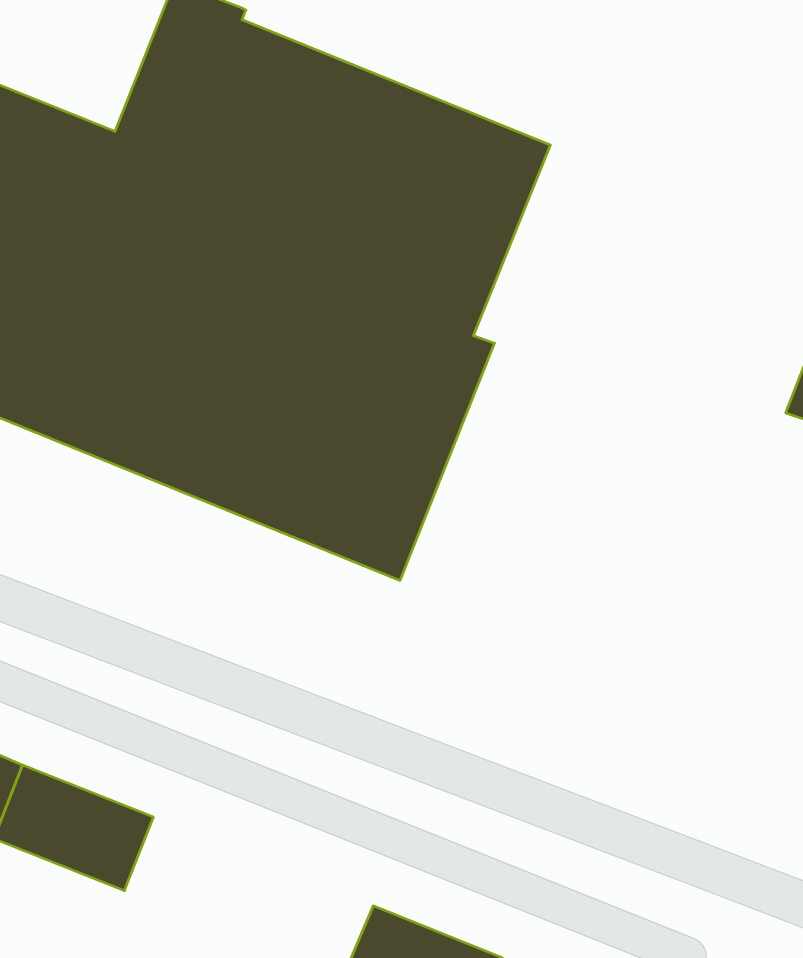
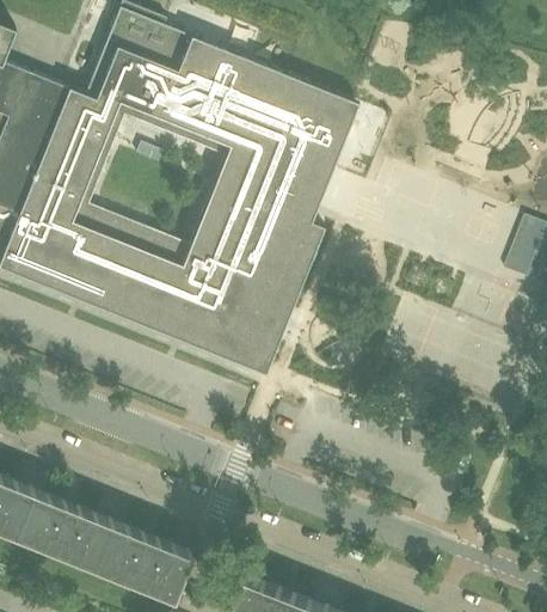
building: none -> [93,521,189,598]

